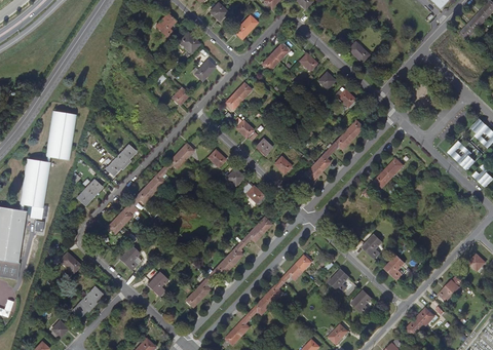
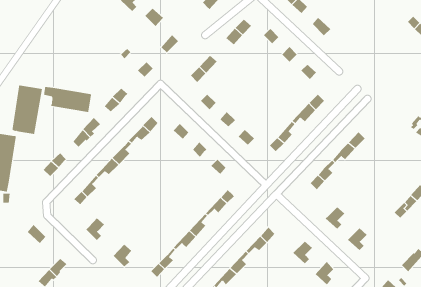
building: none -> [43,86,92,113]

